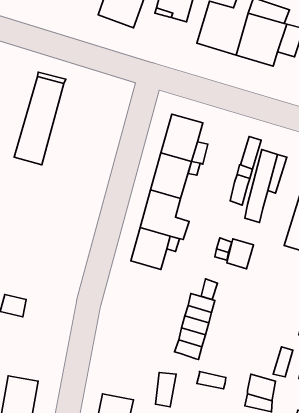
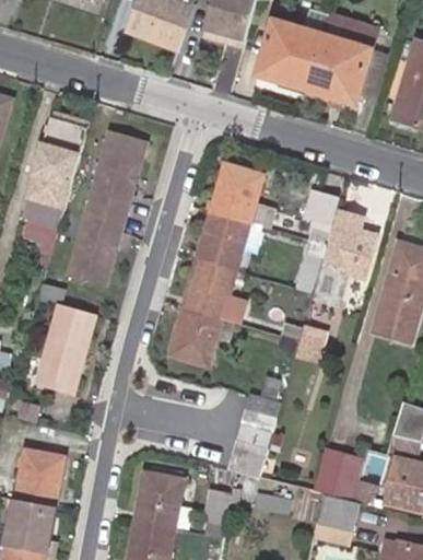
building: none -> [67,131,144,285]
building: none -> [36,302,97,392]
building: none -> [15,448,62,504]
building: none -> [312,450,361,498]
building: none -> [136,471,185,528]

